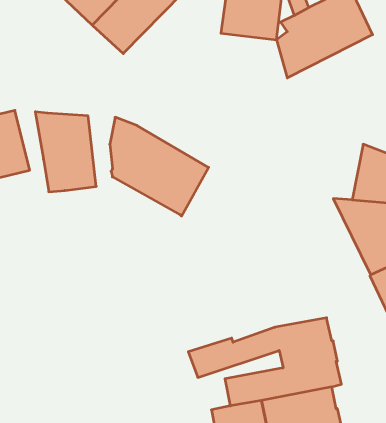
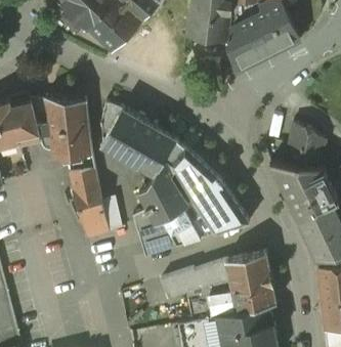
building: none -> [132,139,250,256]
building: none -> [63,171,115,242]

